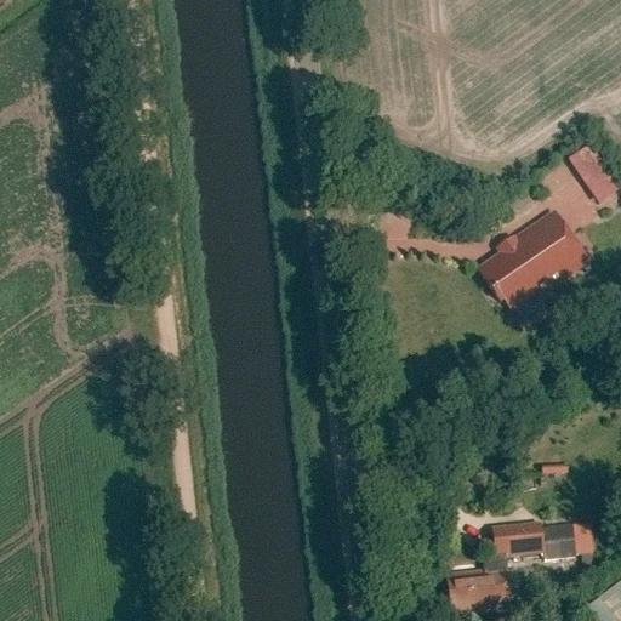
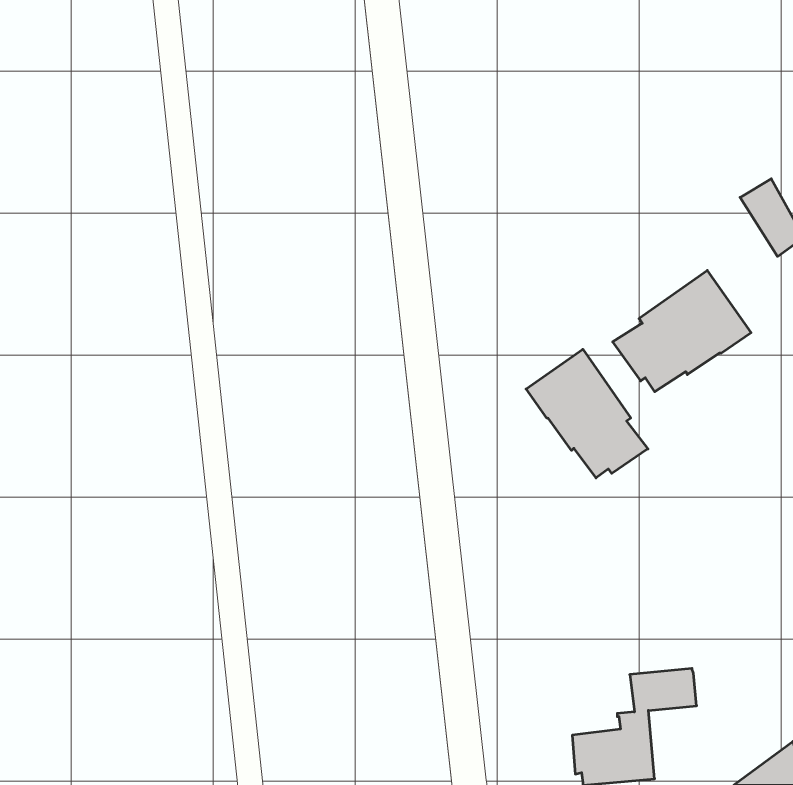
building: none -> [526,349,648,478]
building: [542,523,576,558] -> none

